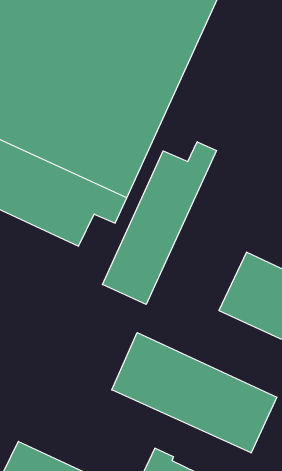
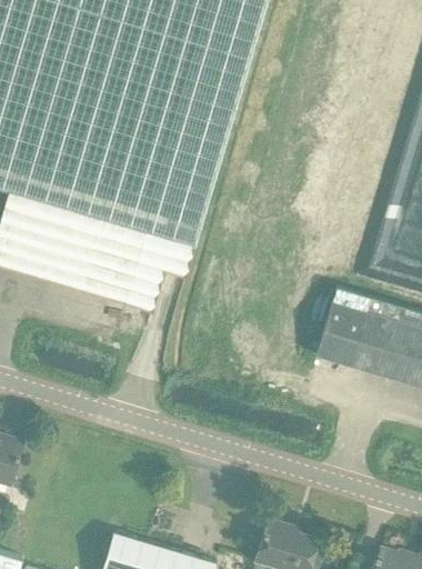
building: [102,142,217,304] -> none
building: [112,333,277,453] -> none

